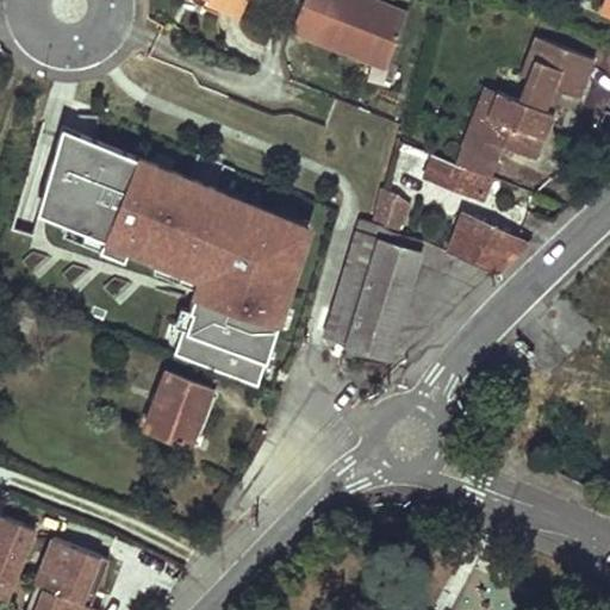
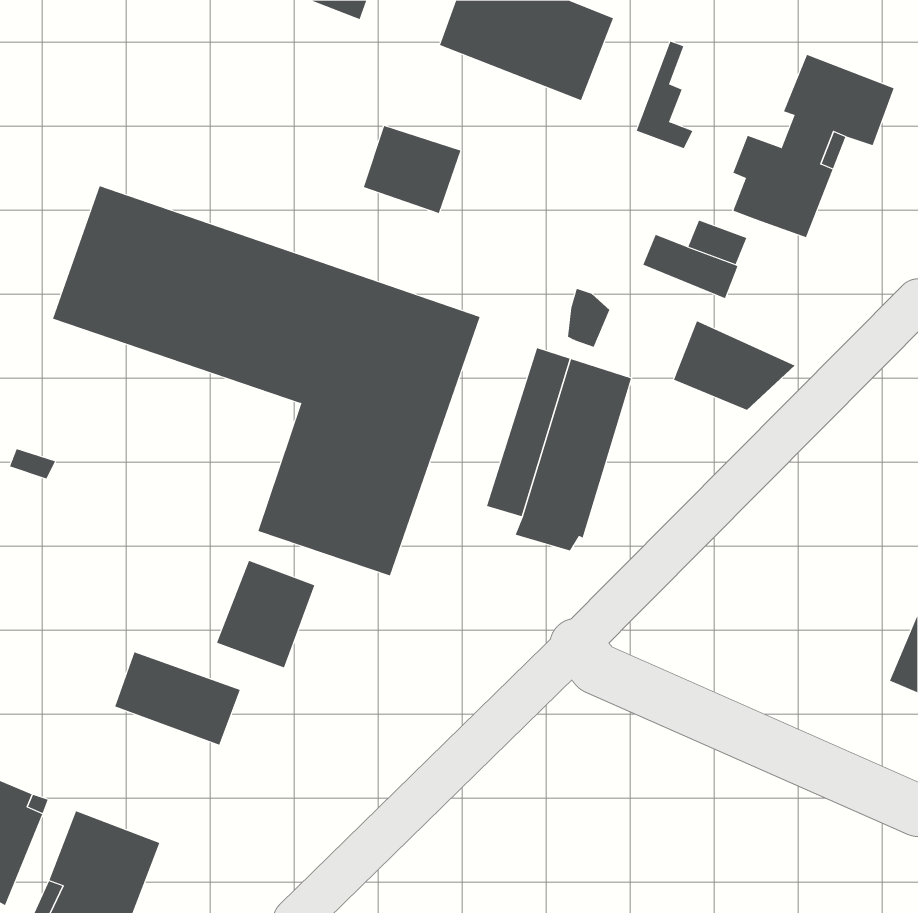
building: none -> [363,125,461,214]
building: [462,91,500,162] -> [636,41,693,149]
building: none -> [114,652,240,746]

